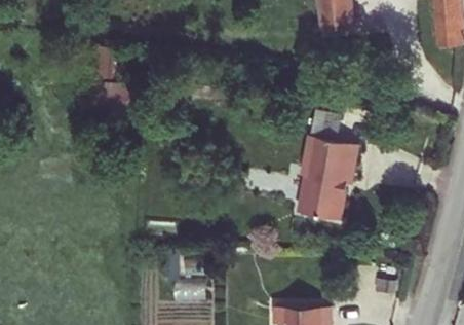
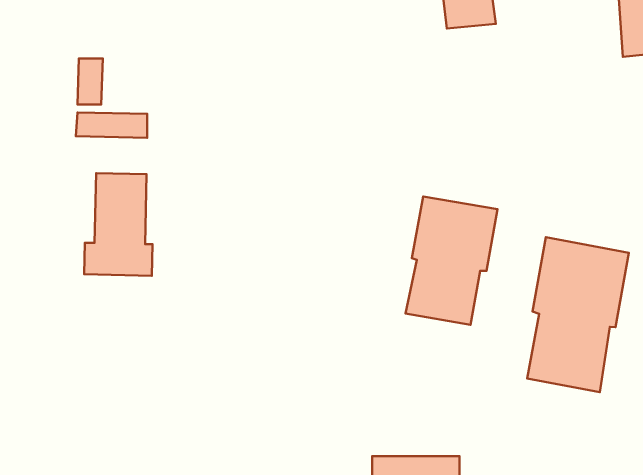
building: none -> [84,173,152,276]
building: none -> [527,237,629,392]

